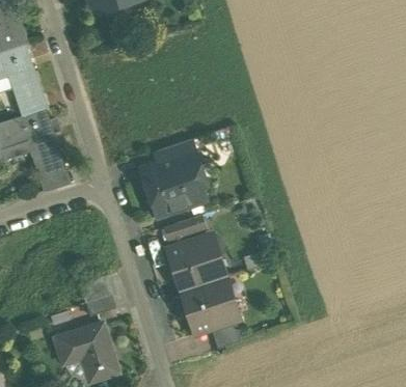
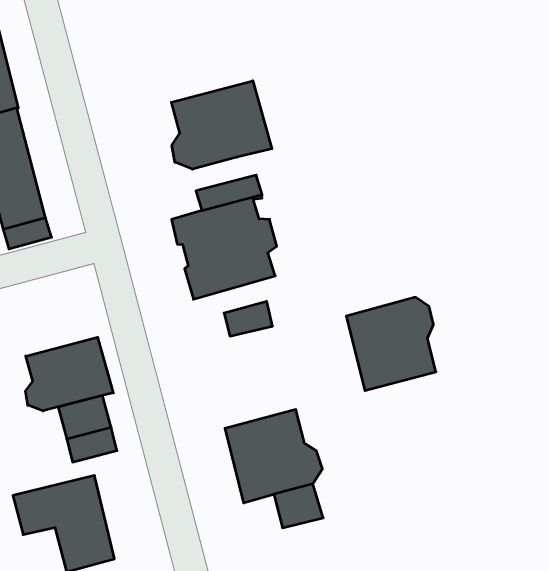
building: none -> [171,81,272,169]
building: [166,236,221,293] -> [346,297,436,391]
building: none -> [25,337,113,411]

